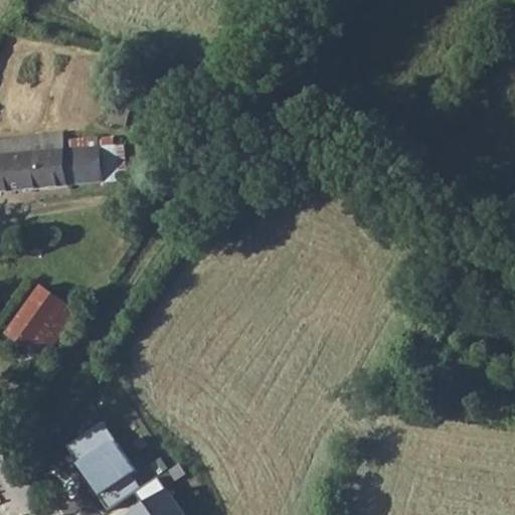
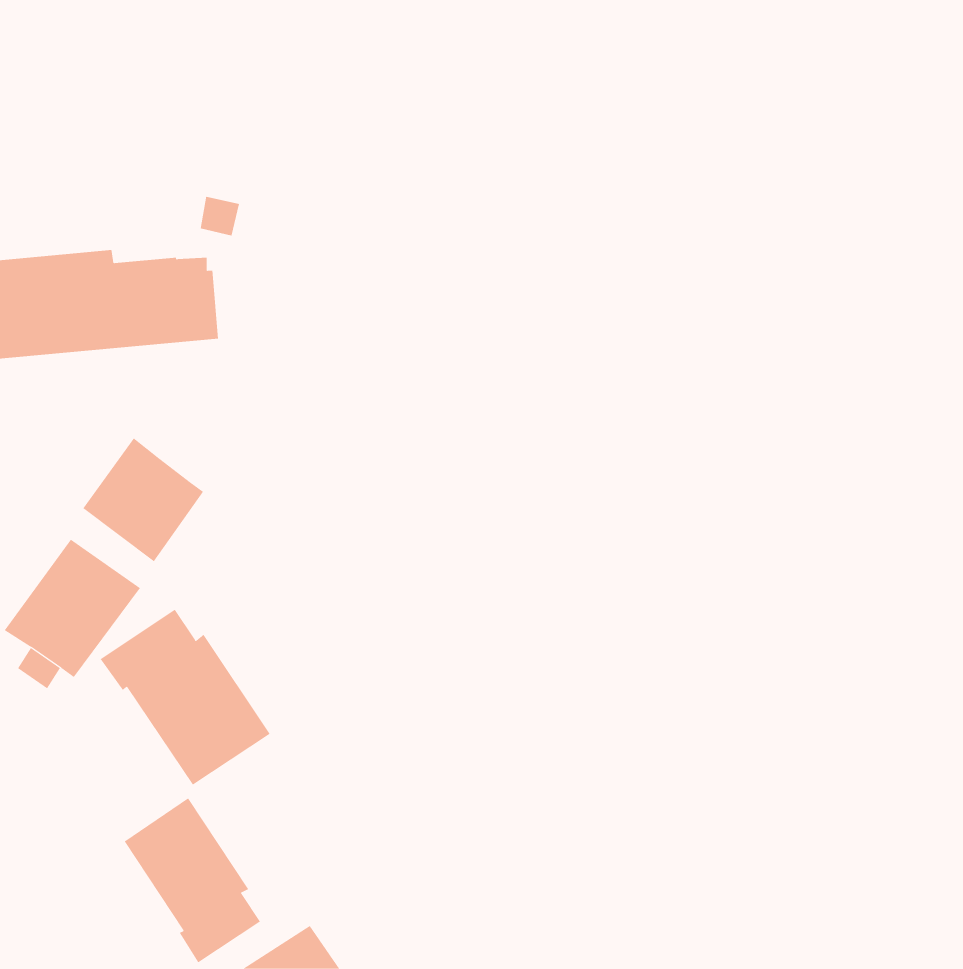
building: none -> [82,438,204,562]
building: none -> [100,609,271,785]

